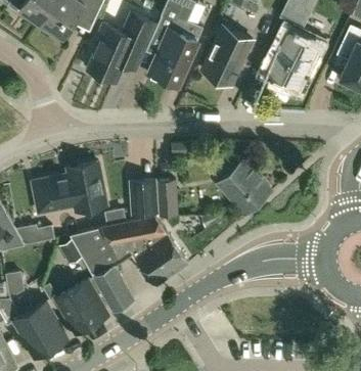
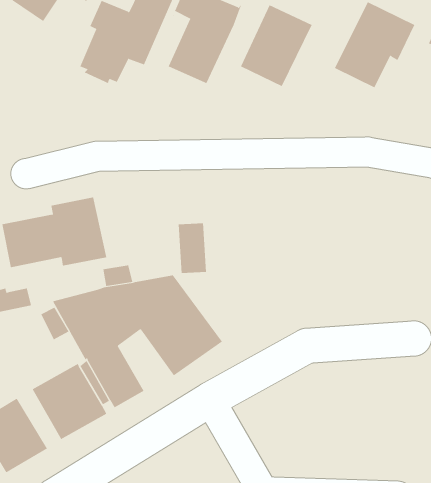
building: [215,160,272,217] -> none
building: [131,180,157,216] -> none

